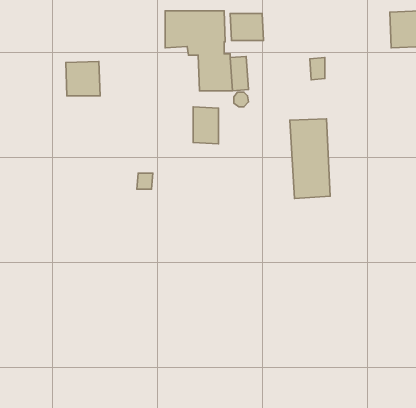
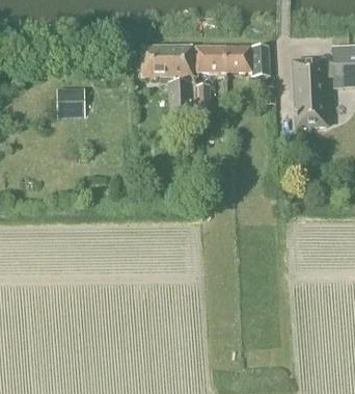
building: none -> [223,46,269,75]
building: [193,107,219,144] -> none
building: [290,119,330,199] -> [292,58,326,126]

